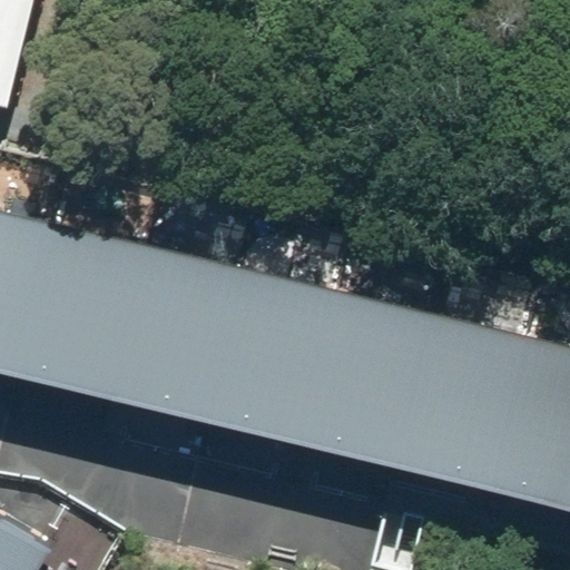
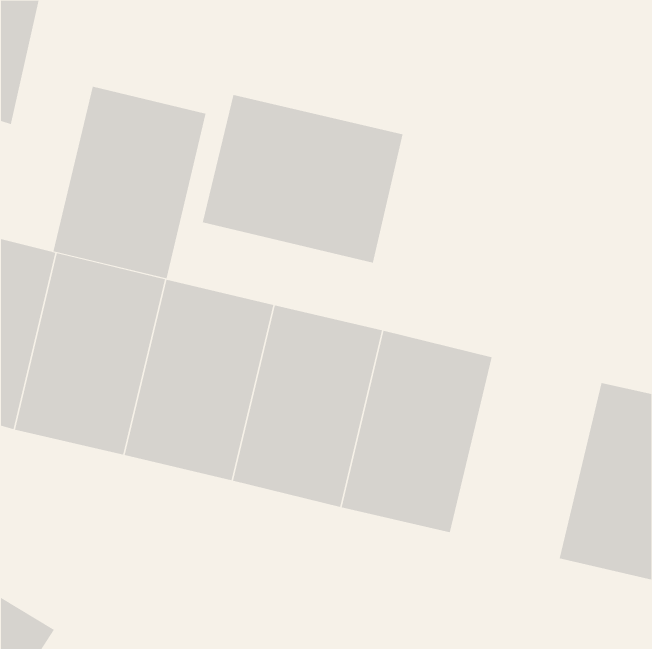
building: none -> [53,86,206,279]
building: none -> [202,94,403,263]
building: [393,314,524,490] -> none

